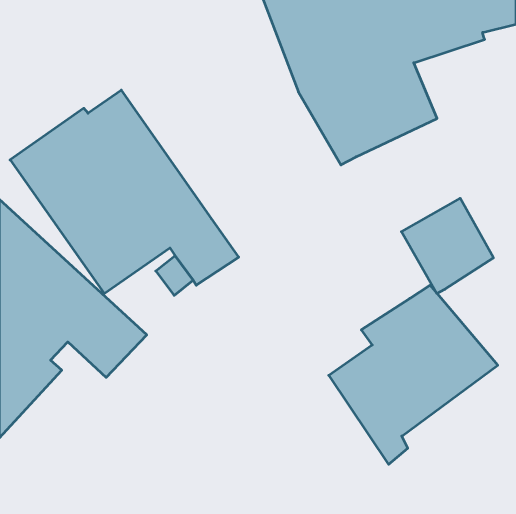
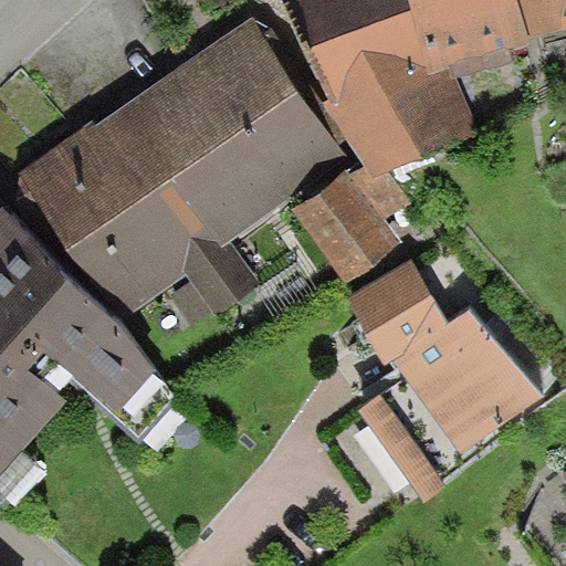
building: none -> [133,15,349,239]
building: none -> [294,167,411,284]
building: [401,198,493,293] -> [347,261,448,365]

